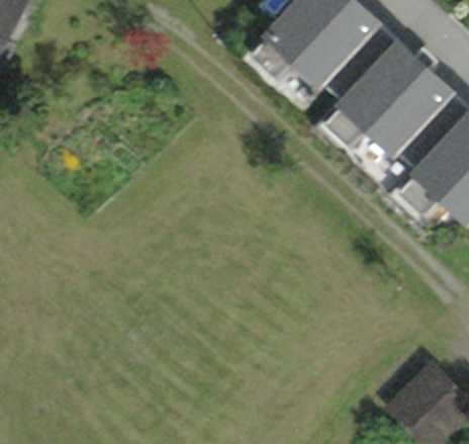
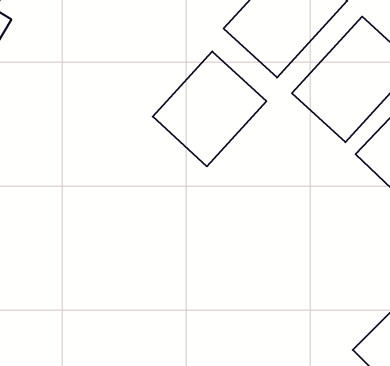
building: none -> [153,51,266,166]

